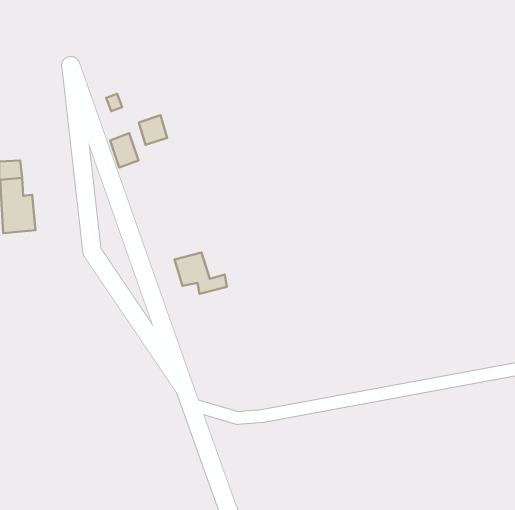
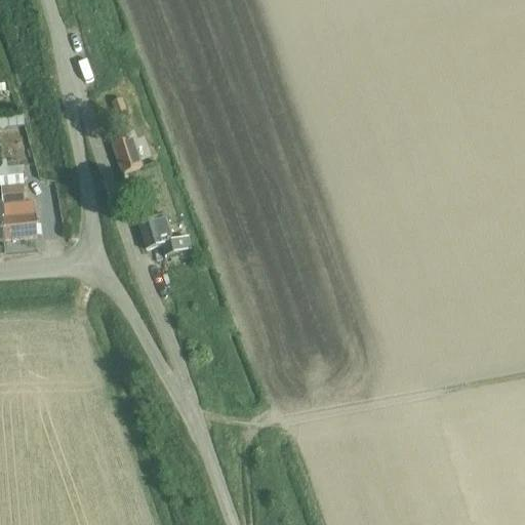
building: [139,115,167,145] -> none
building: [174,252,227,294] -> [136,212,190,254]

